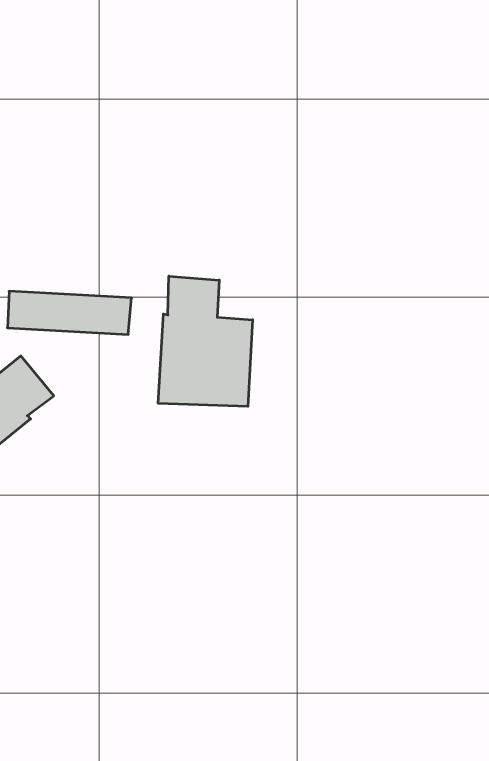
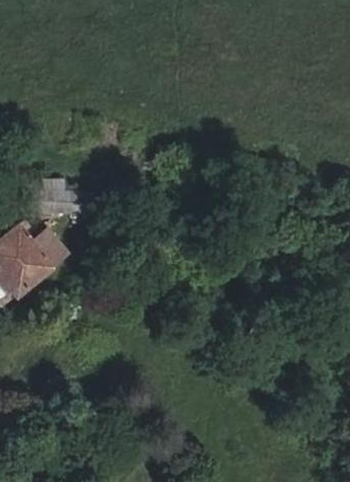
building: [158,276,253,406] -> none

